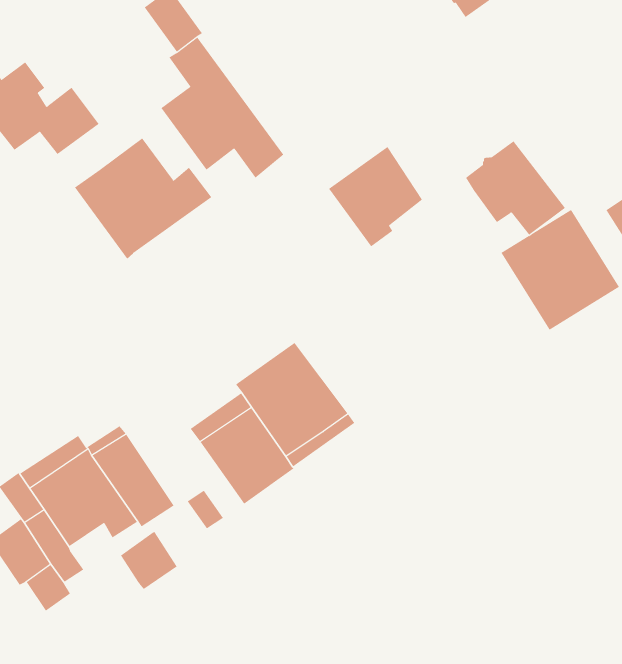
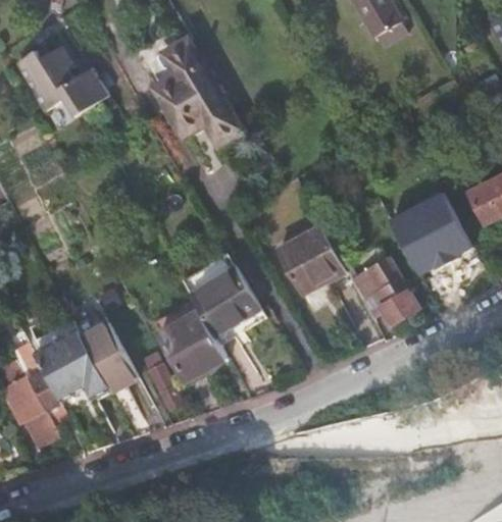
building: [74,137,212,260] -> none
building: [465,140,566,235] -> [348,250,418,319]
building: [328,146,423,247] -> [277,225,344,297]
building: [120,531,178,590] -> none

